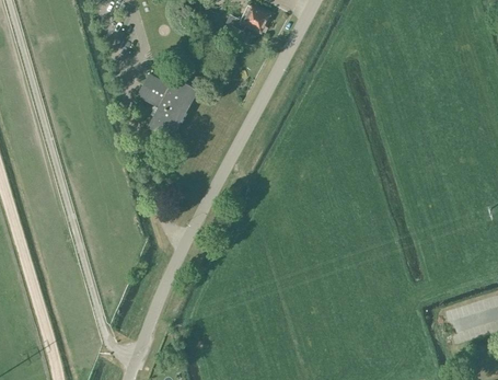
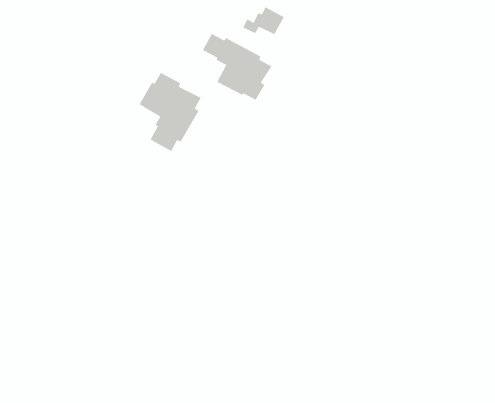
building: none -> [202,33,272,101]

